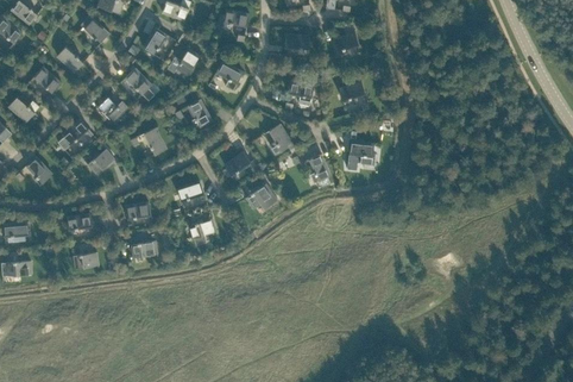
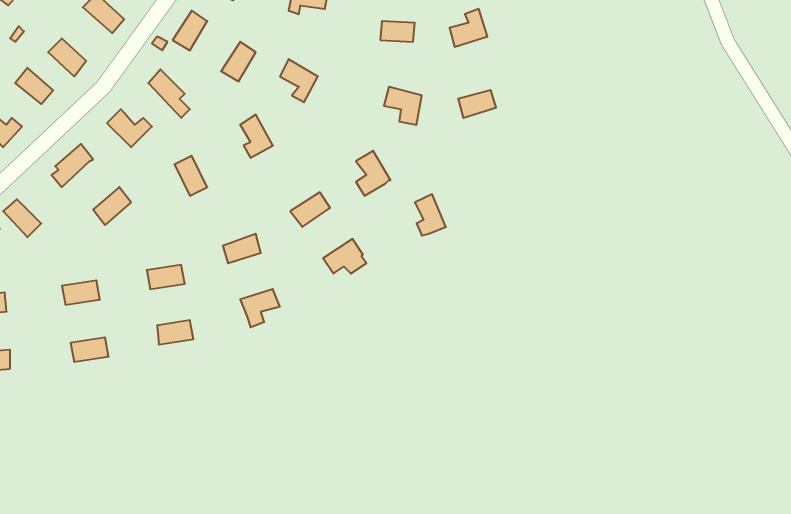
building: [346,140,373,170] -> none

